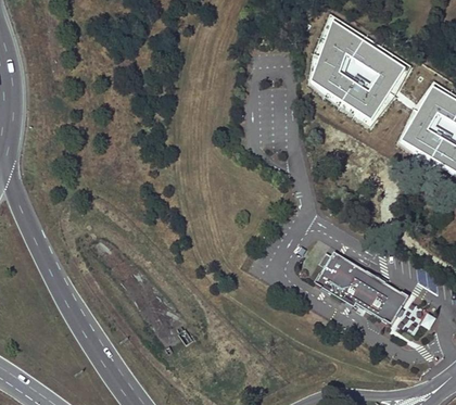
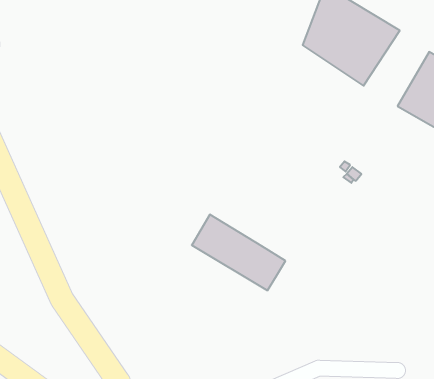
building: [316,249,406,321] -> [192,215,285,290]

